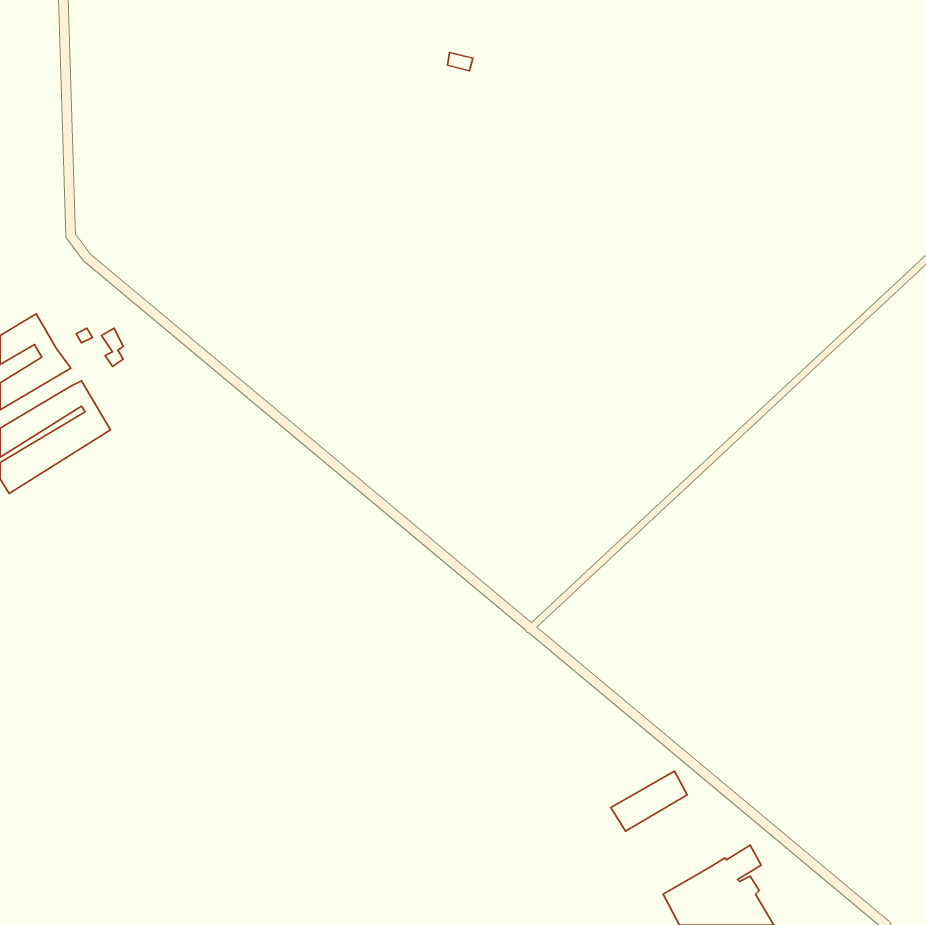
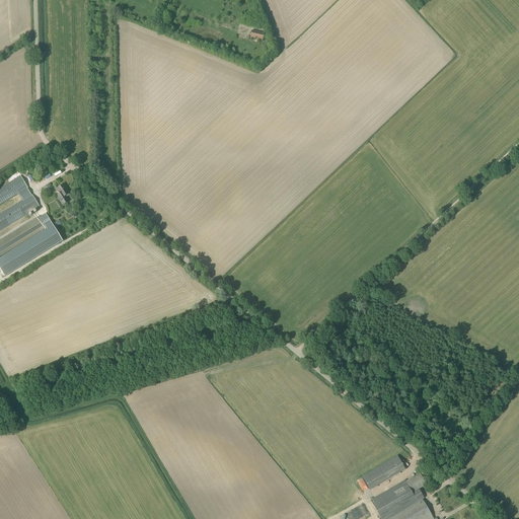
building: [611,771,687,831] -> [362,455,404,489]

